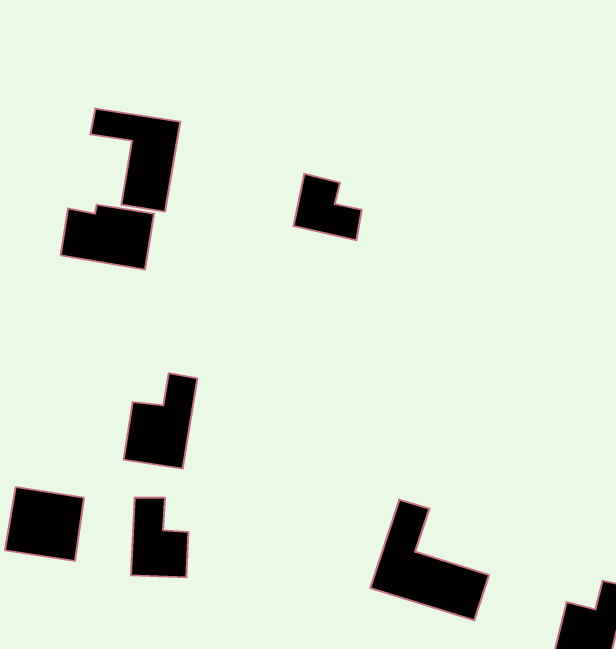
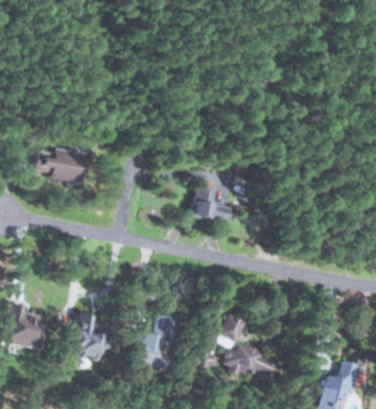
building: [91,108,180,212] -> none
building: [293,174,362,240] -> [194,186,233,223]
building: [124,373,197,469] -> [132,315,174,369]

